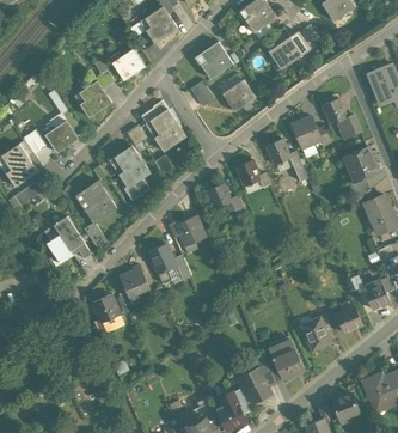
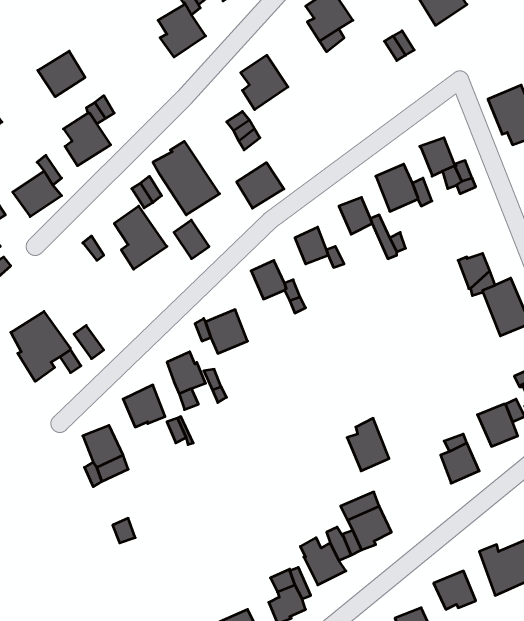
building: [268,37,301,69] -> none
building: [111,49,143,80] -> [38,51,85,97]
building: [222,80,255,111] -> [237,163,284,208]
building: [344,147,376,181] -> none
building: [80,181,115,224] -> none
building: [302,316,331,352] -> [347,418,389,471]

